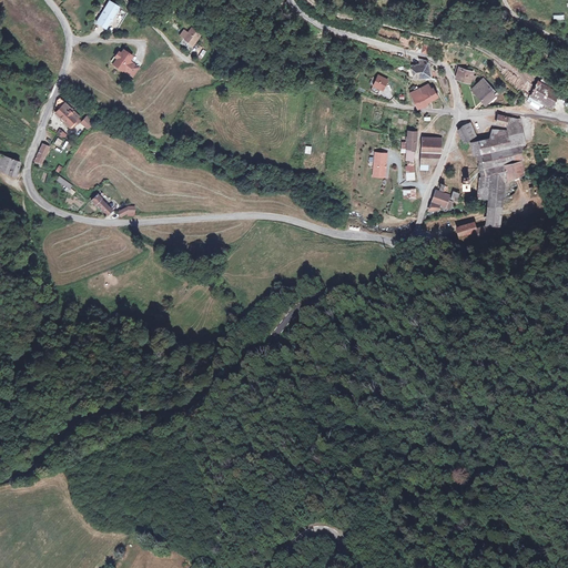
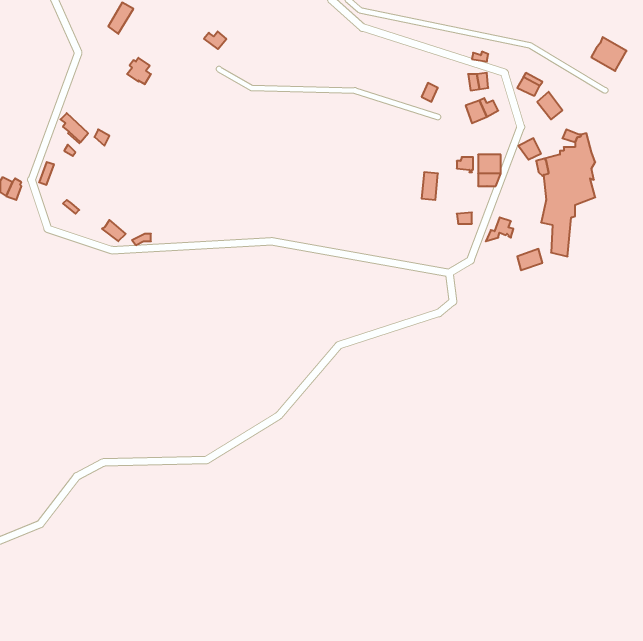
building: [530,78,561,108] -> [591,37,627,71]

